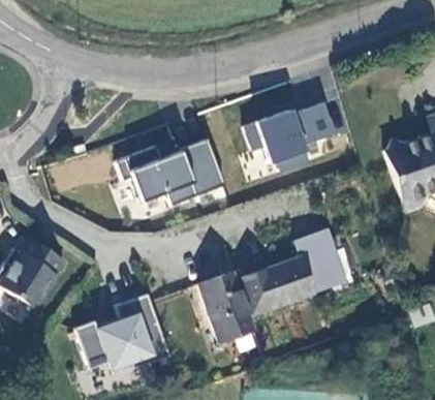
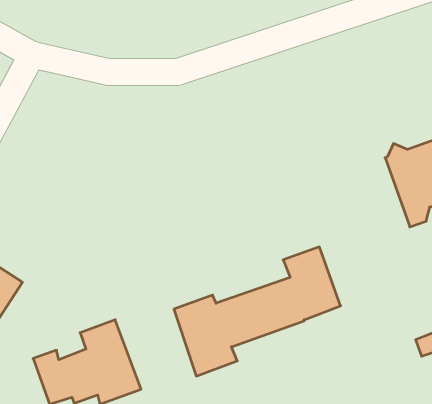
building: [244,102,334,171] -> none
building: [116,139,224,205] -> none

